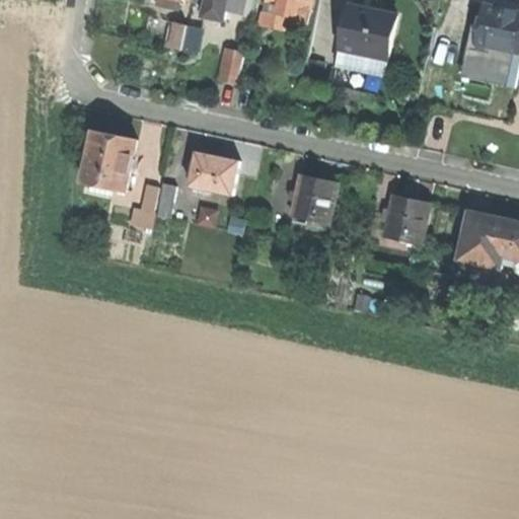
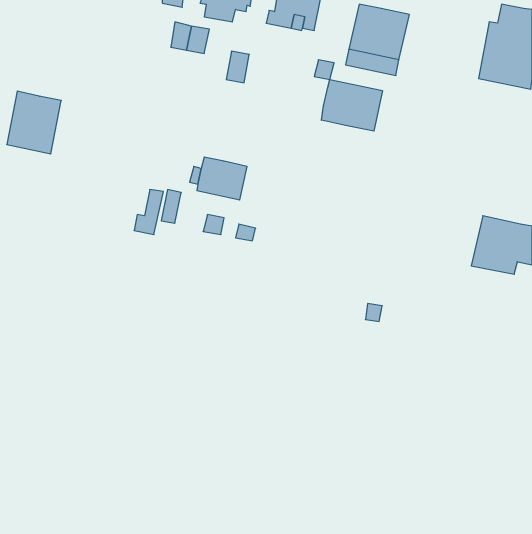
building: none -> [321,80,382,131]
building: [82,130,135,191] -> [7,91,61,154]
building: [291,174,337,222] -> none
building: [383,194,430,242] -> none

